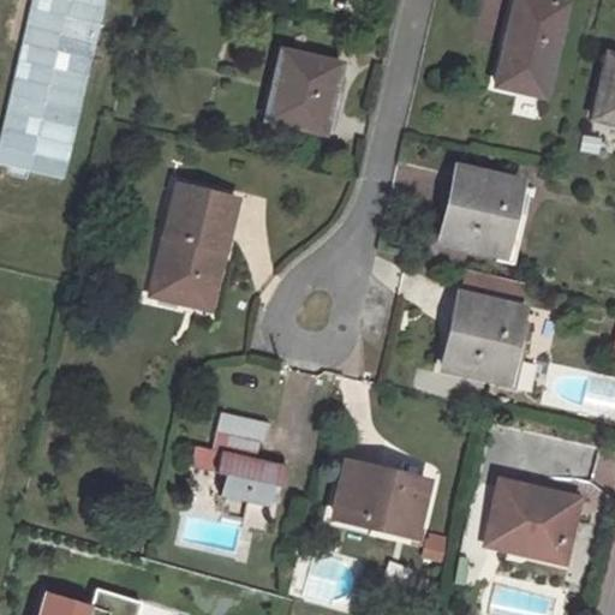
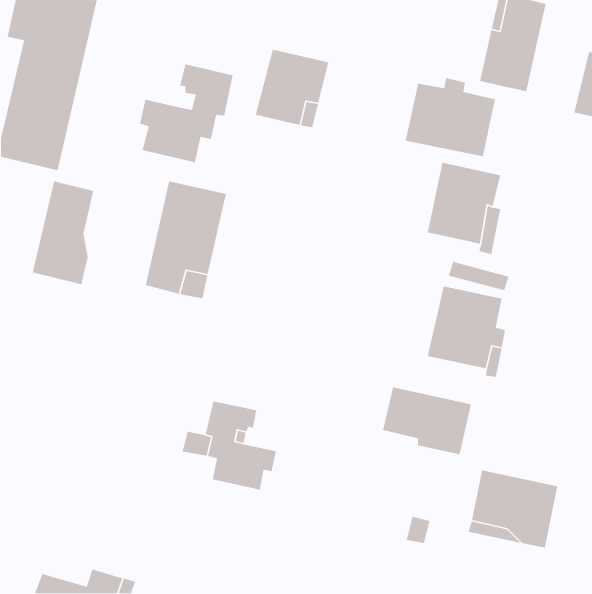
building: none -> [139,63,234,163]
building: none -> [405,77,496,157]
building: none -> [32,180,94,285]
building: [335,462,428,533] -> [382,386,472,455]

